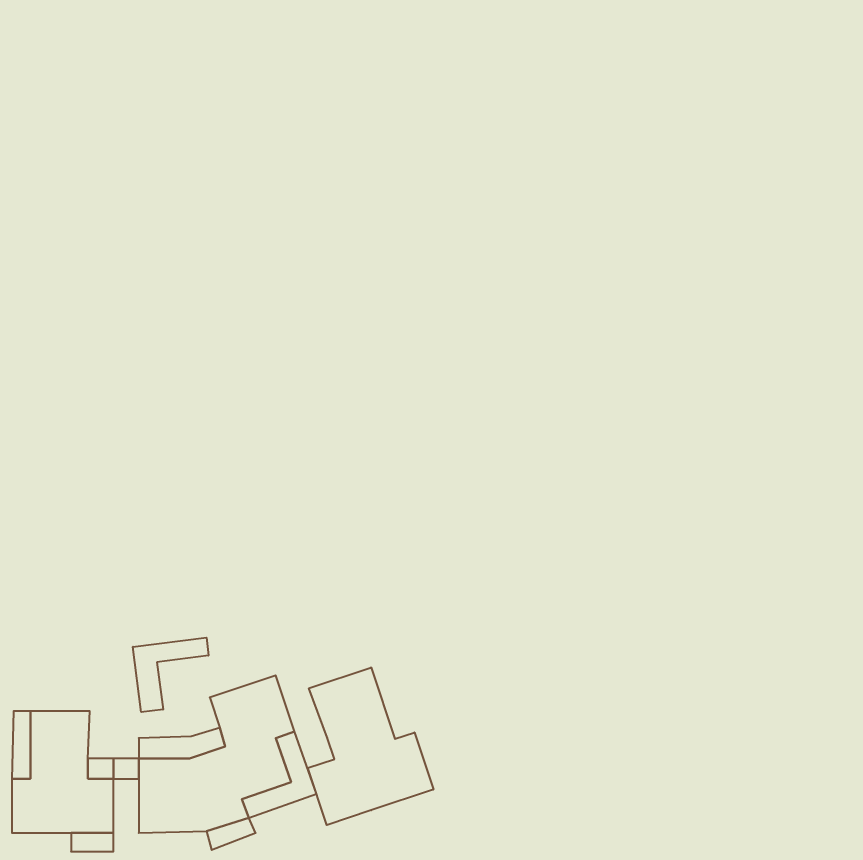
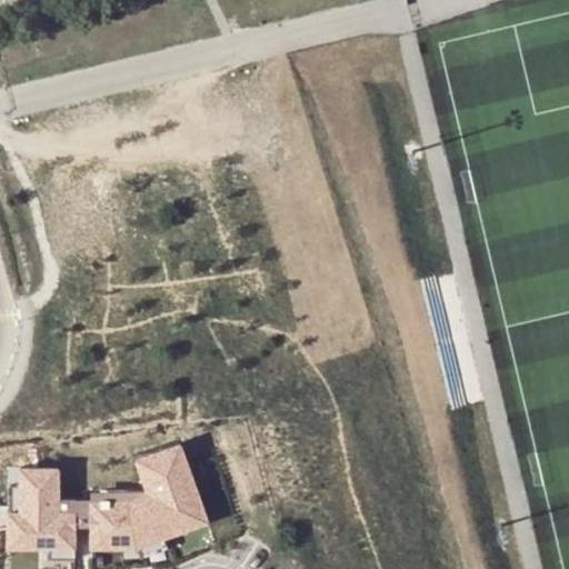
building: [133,638,208,712] -> none
building: [308,667,433,825] -> none

